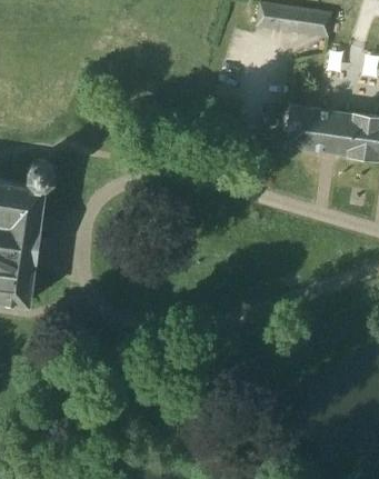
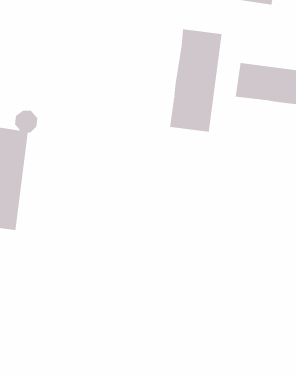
building: none -> [170,28,222,132]

